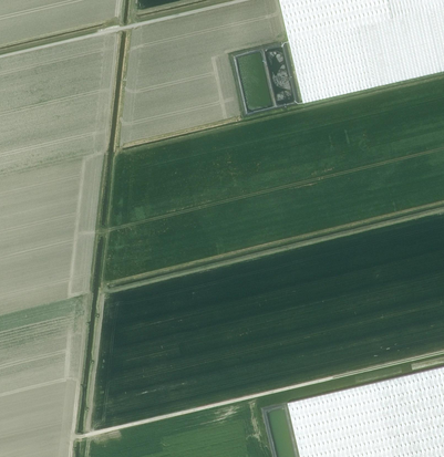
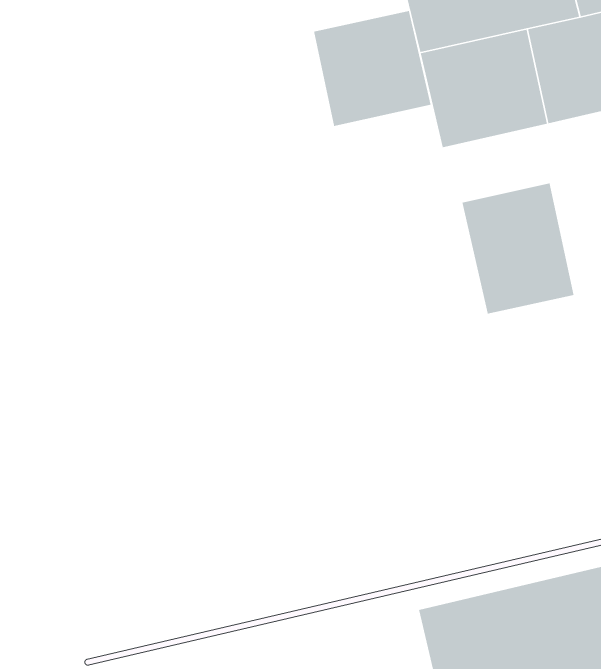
building: none -> [313,10,431,127]
building: none -> [462,183,575,315]

